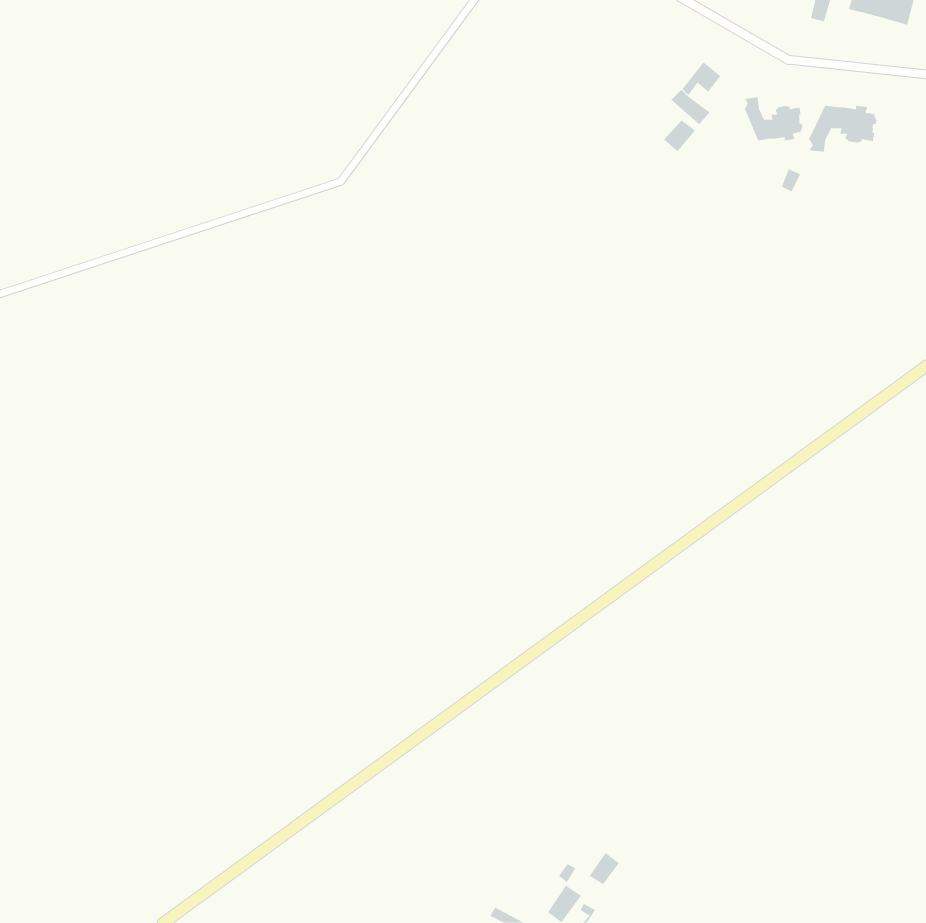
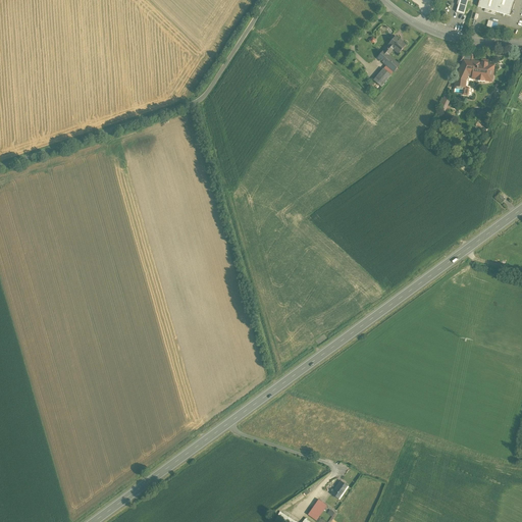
building: [744,97,803,141] -> none

